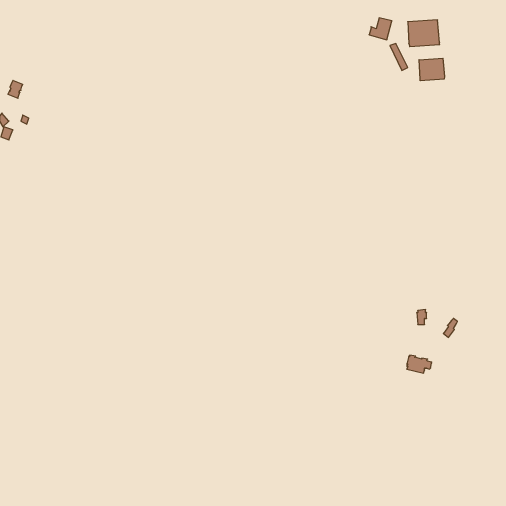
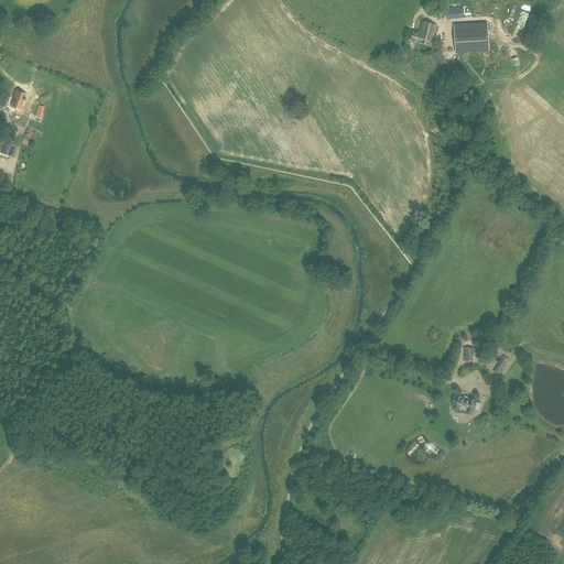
building: [419,58,445,81] -> none

